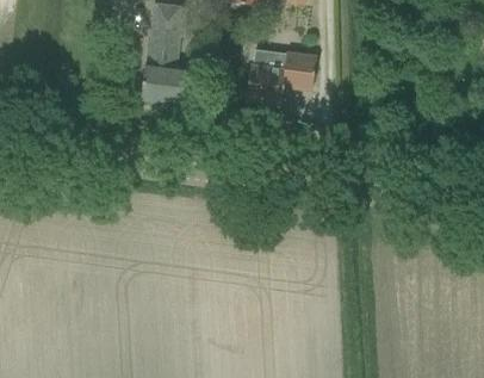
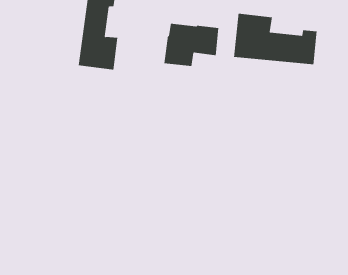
building: none -> [234,13,317,65]

